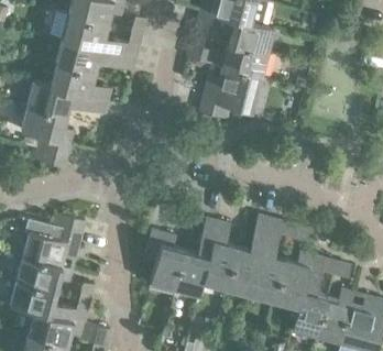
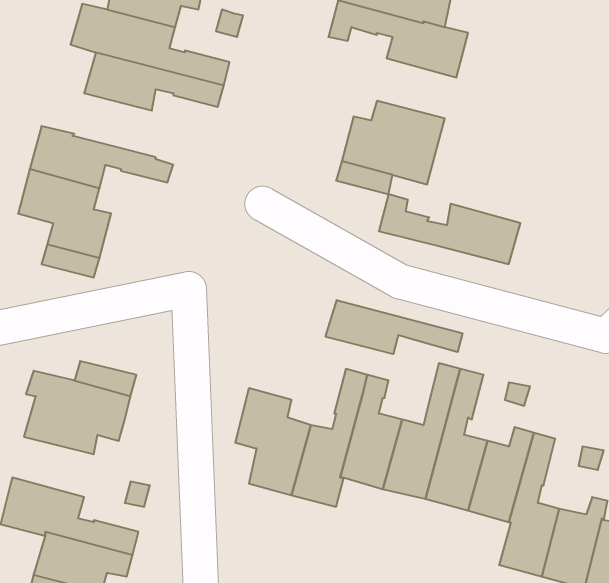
building: [187,37,267,77] -> [379,194,520,264]
building: [50,63,110,103] -> none
building: none -> [326,300,462,354]
building: [15,257,73,292] -> none

